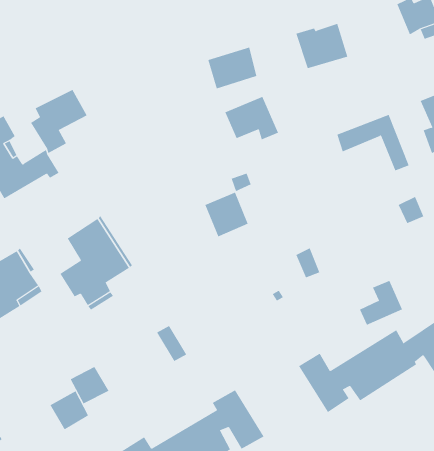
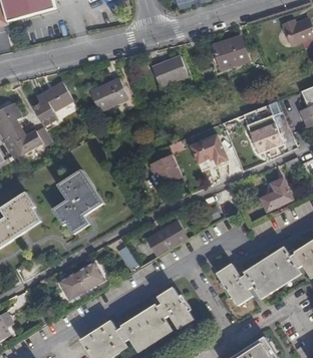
building: none -> [90,80,128,112]
building: [225,96,279,140] -> [192,134,229,164]
building: none -> [246,115,283,154]
building: [359,280,403,325] -> [262,178,292,210]
building: none -> [143,223,184,258]
building: [49,390,89,430] -> [76,263,103,290]

